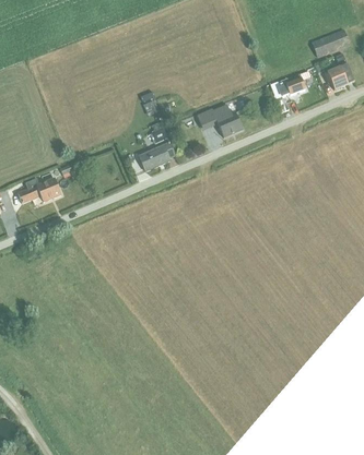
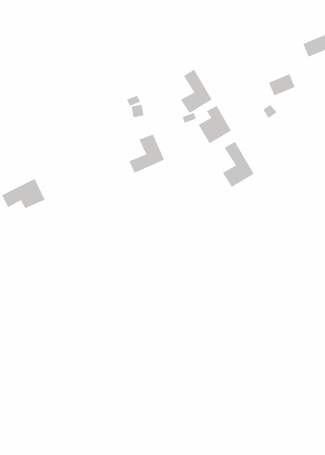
building: none -> [180,69,213,114]
building: none -> [222,141,255,188]

